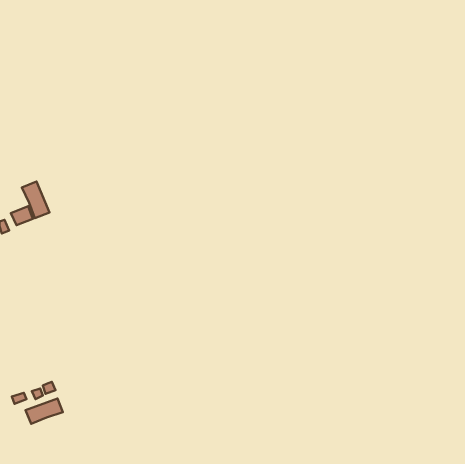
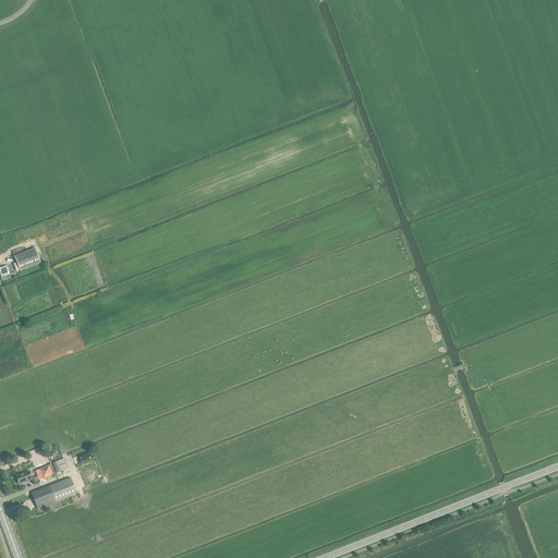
building: [22,182,50,218] -> none

